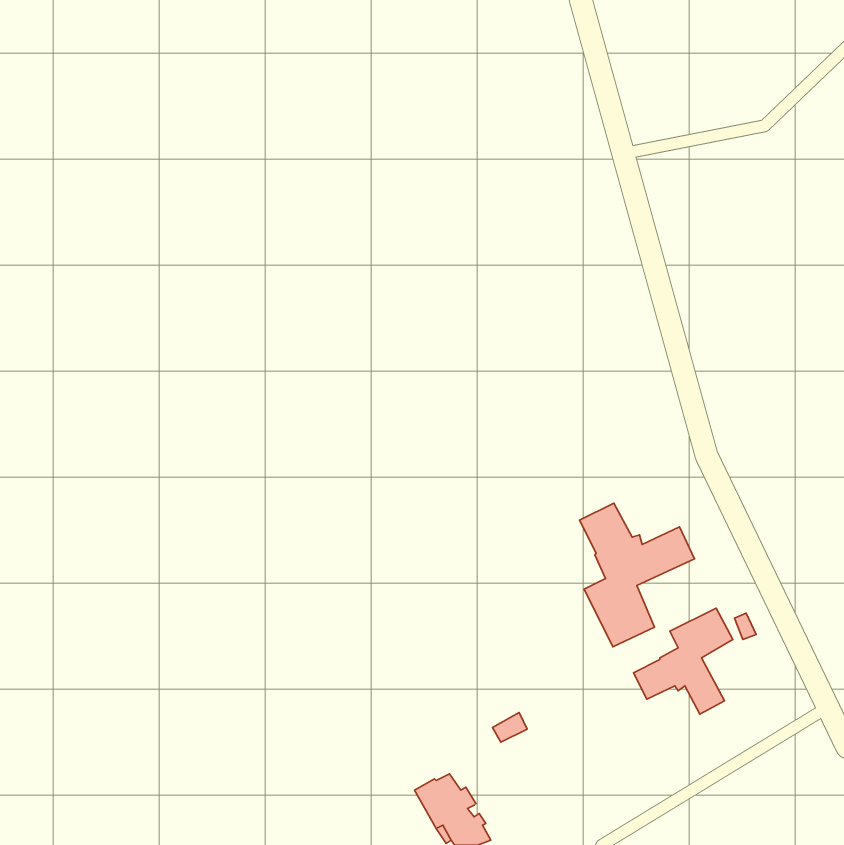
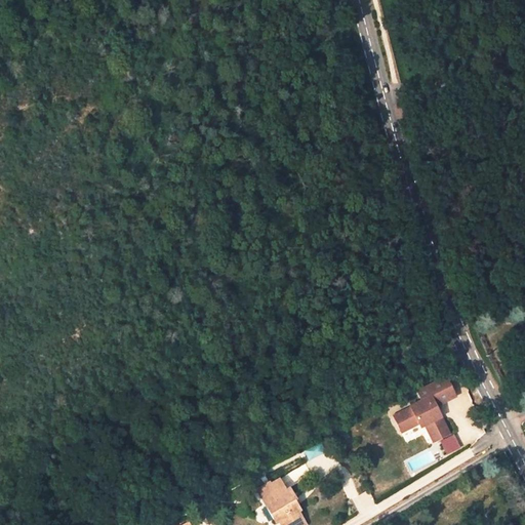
building: [580,503,694,647] -> none

